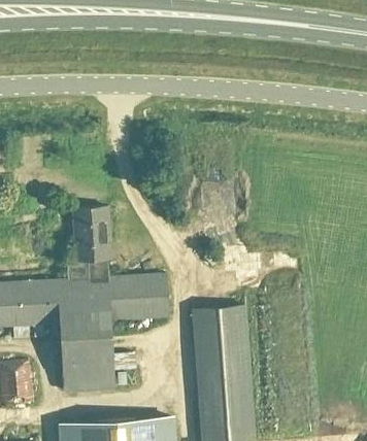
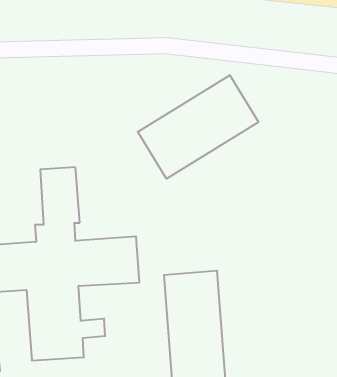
building: none -> [138,75,258,179]

